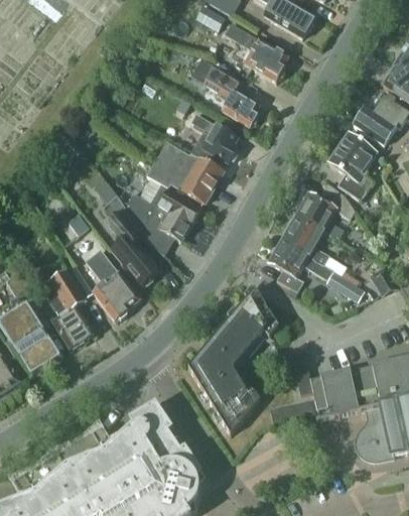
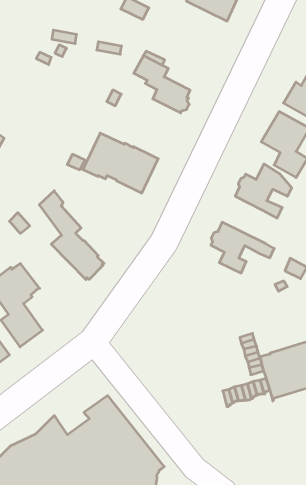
building: [225,23,288,83] -> none
building: [189,114,238,168] -> none
building: [122,183,201,255] -> none
building: [282,215,347,275] -> none
building: [86,250,139,320] -> none
building: [187,288,278,434] -> none

